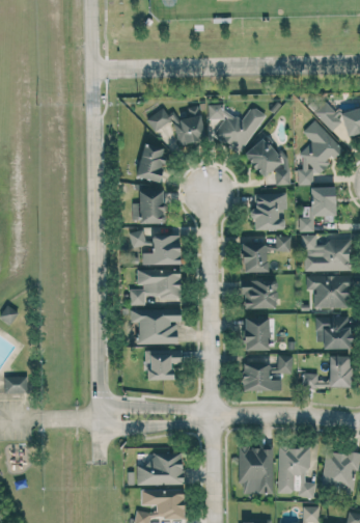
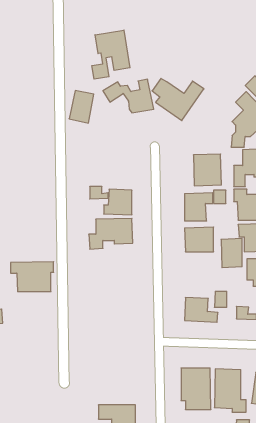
building: none -> [92,30,130,79]
building: [137,144,166,183] -> [69,91,94,123]
building: [249,145,290,186] -> none
building: [133,188,166,224] -> none
building: [131,309,182,345] -> [11,262,54,292]
building: [245,318,270,352] -> [221,238,242,268]
building: [146,351,183,381] -> none
building: [137,453,184,486] -> none

